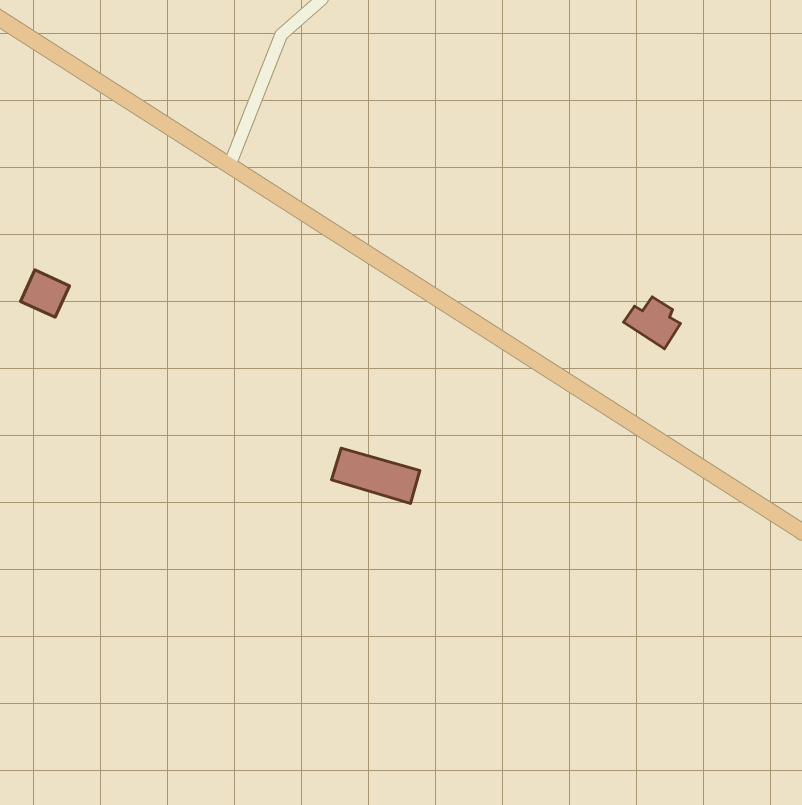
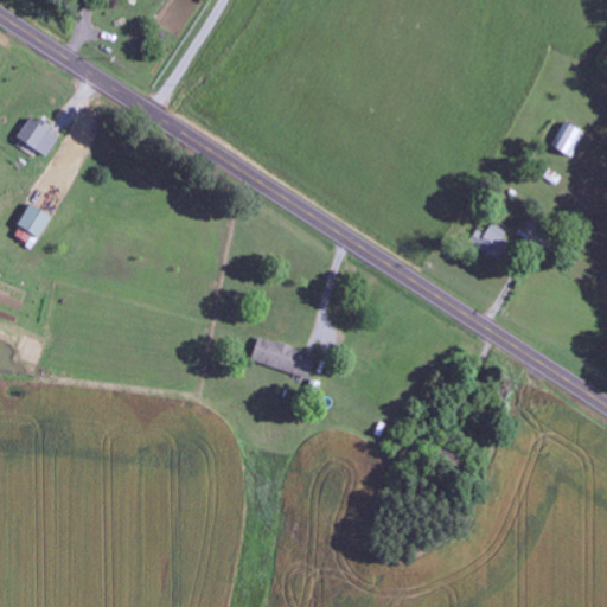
building: none -> [15,117,59,156]
building: none -> [551,121,583,155]

